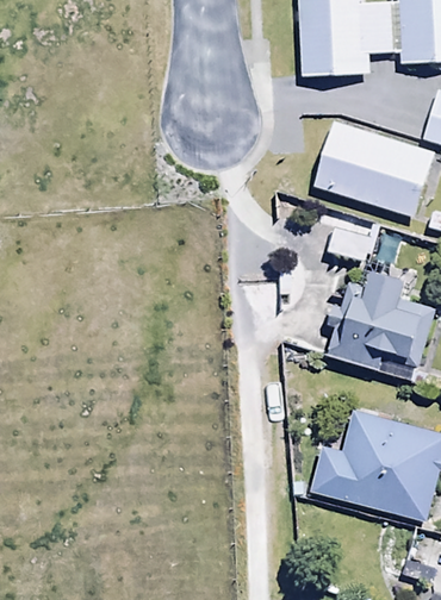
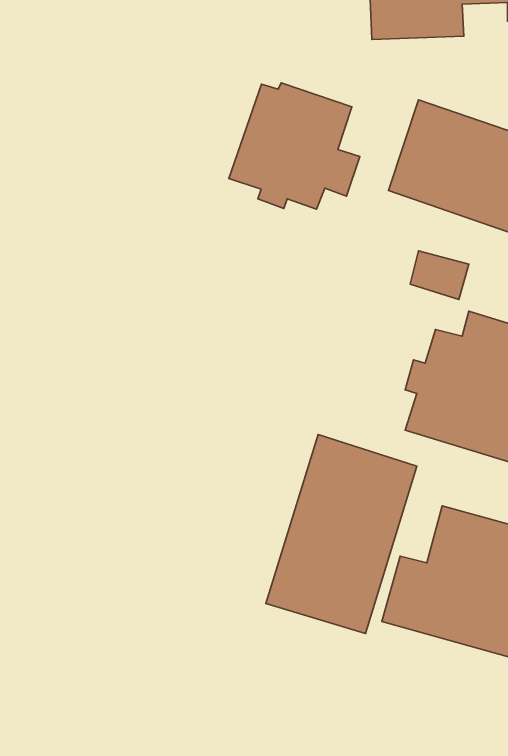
building: none -> [229,83,360,209]
building: none -> [266,435,417,633]

